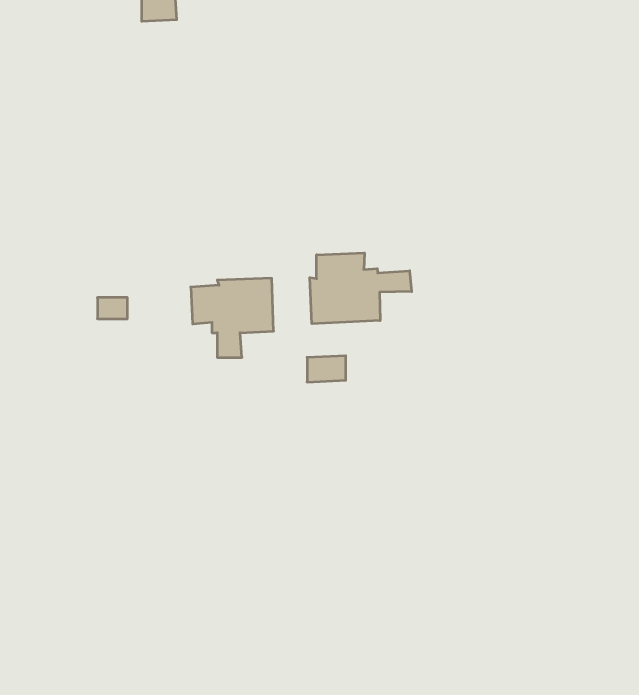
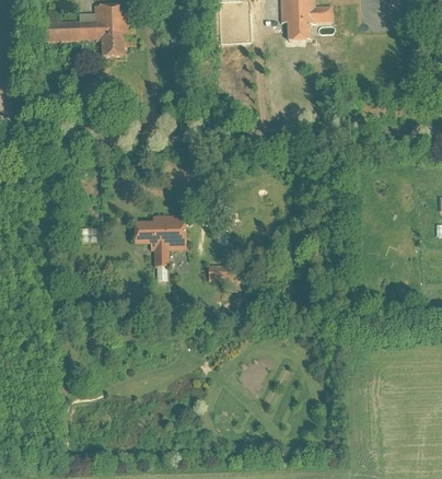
building: [310,253,412,324] -> none

